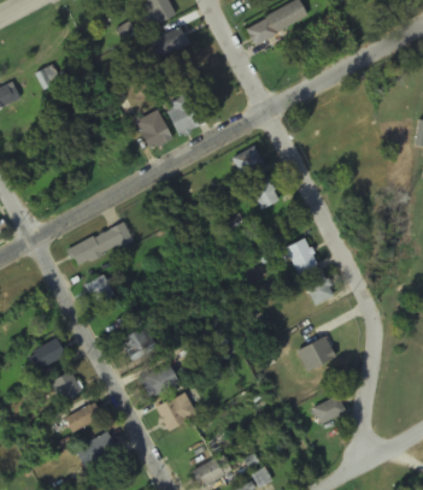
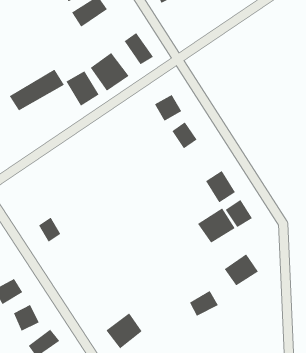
building: none -> [124,32,154,65]
building: [69,222,134,266] -> [9,69,65,111]
building: none -> [197,208,235,244]
building: [119,325,157,362] -> none
building: [141,361,180,399] -> none
building: [313,395,347,424] -> [189,290,219,317]

